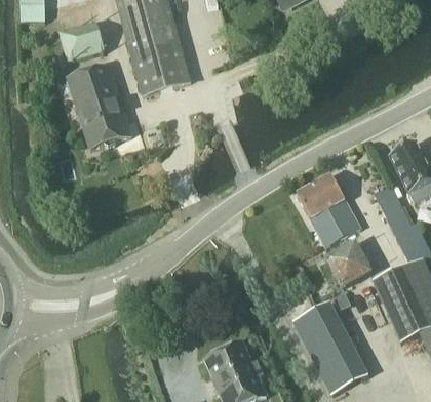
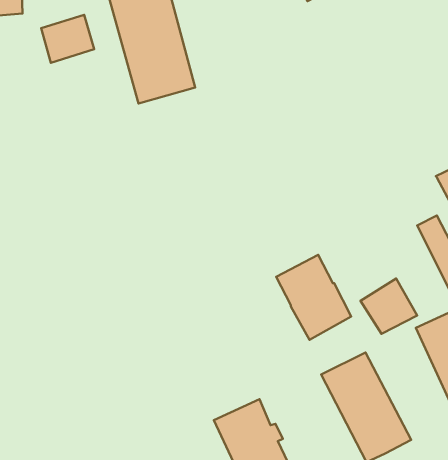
building: [69,66,130,149] -> none
building: [297,176,359,247] -> [276,255,351,340]

